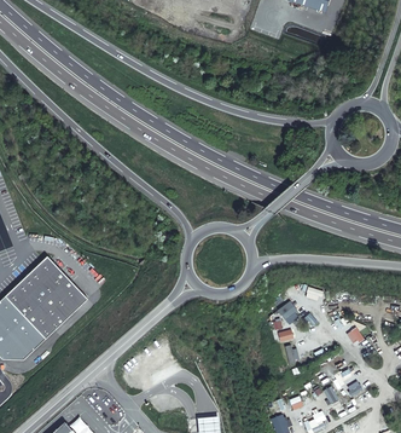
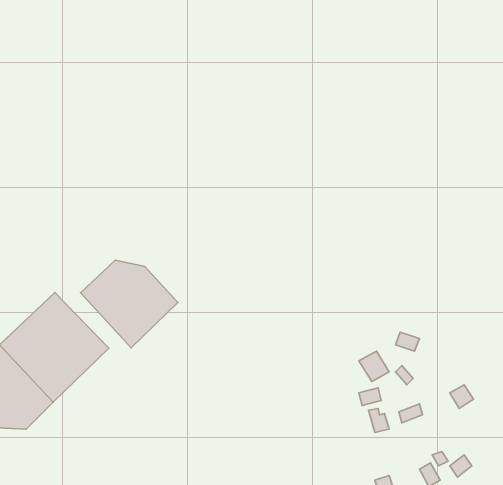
building: none -> [81,260,178,348]

